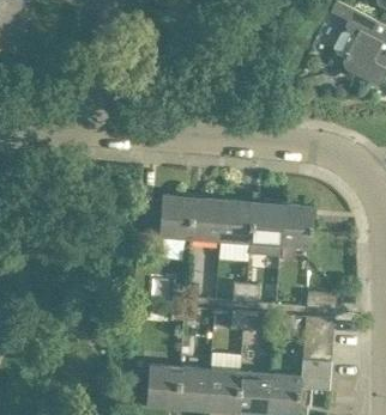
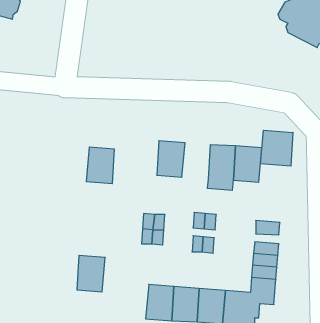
building: none -> [260,130,293,166]
building: [158,195,192,238] -> [86,147,114,184]
building: [219,200,253,243] -> none
building: [146,365,180,408] -> [77,255,105,292]

